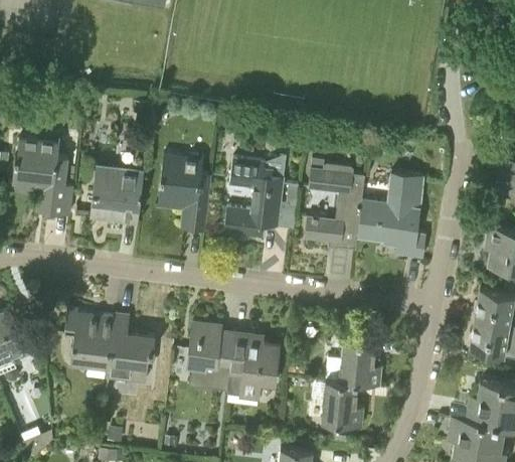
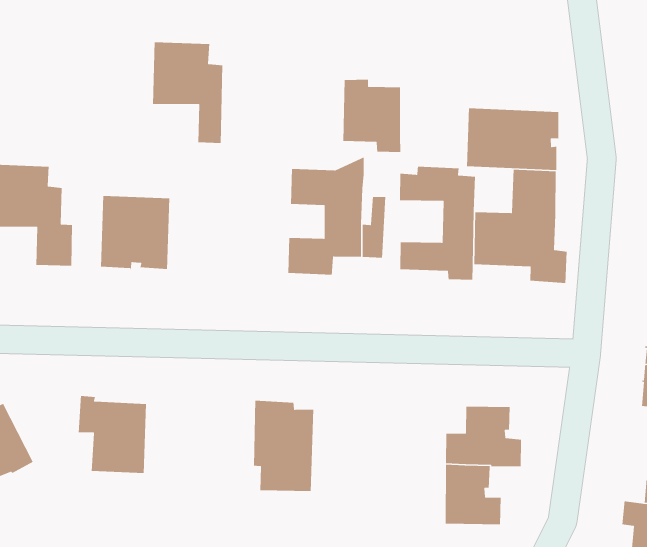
building: none -> [342,79,401,153]
building: none -> [466,107,573,171]
building: [158,154,211,232] -> [152,41,223,144]
building: [108,314,155,381] -> none
building: [227,332,279,399] -> none

